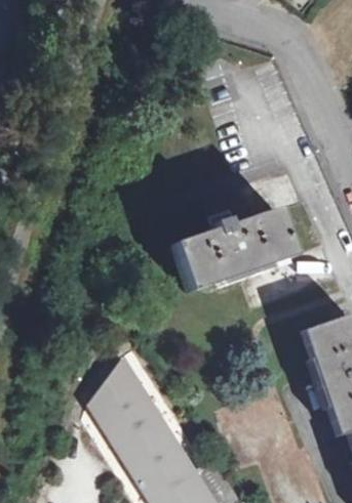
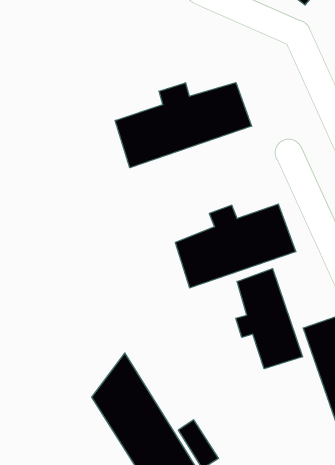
building: none -> [115,83,252,168]
building: none -> [236,269,303,369]

